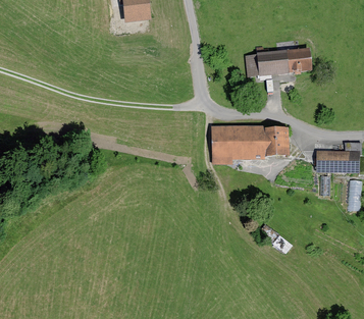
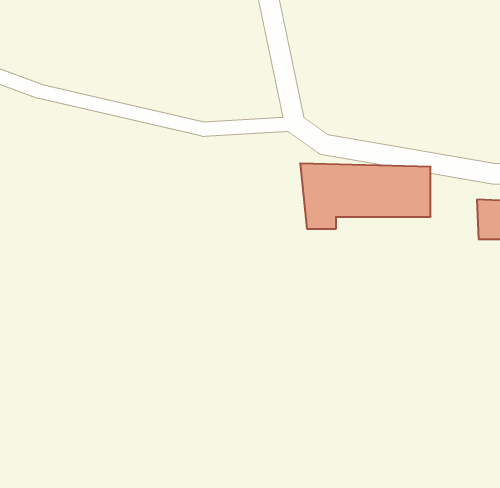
building: [245,47,311,75] -> none

